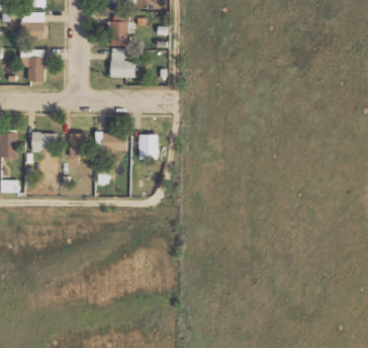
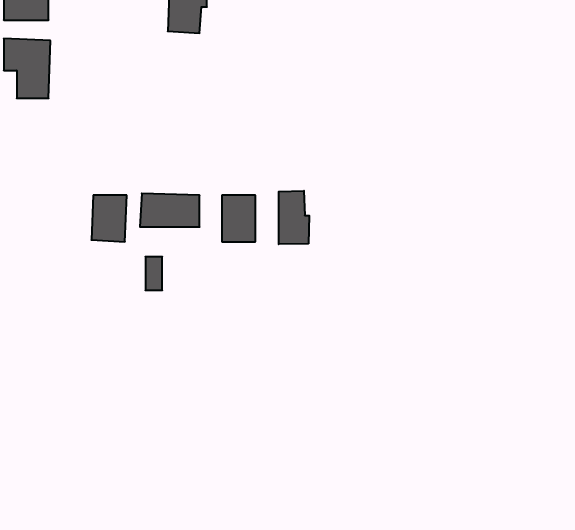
building: [110,47,134,77] -> none
building: none -> [279,191,309,244]
building: [31,132,56,150] -> none

